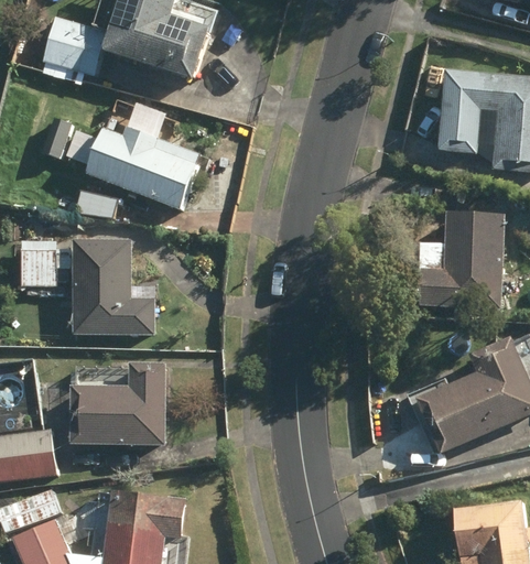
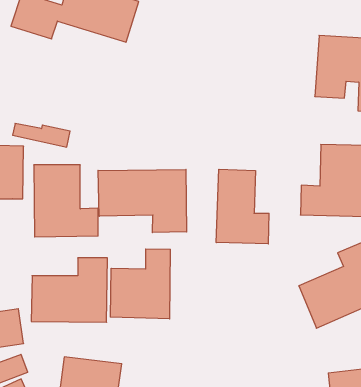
building: [67,124,199,208] -> none
building: none -> [216,169,269,244]
building: none -> [98,169,187,233]
building: none -> [110,249,170,319]

